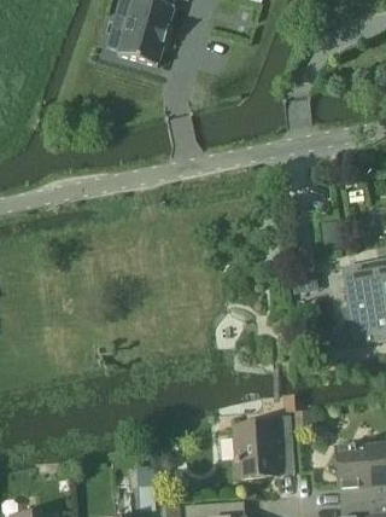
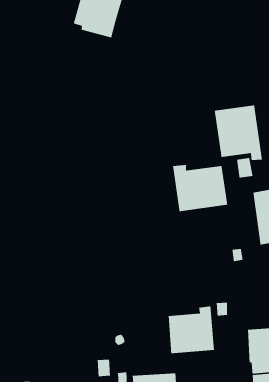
building: none -> [214,104,263,161]
building: none -> [172,164,228,212]

